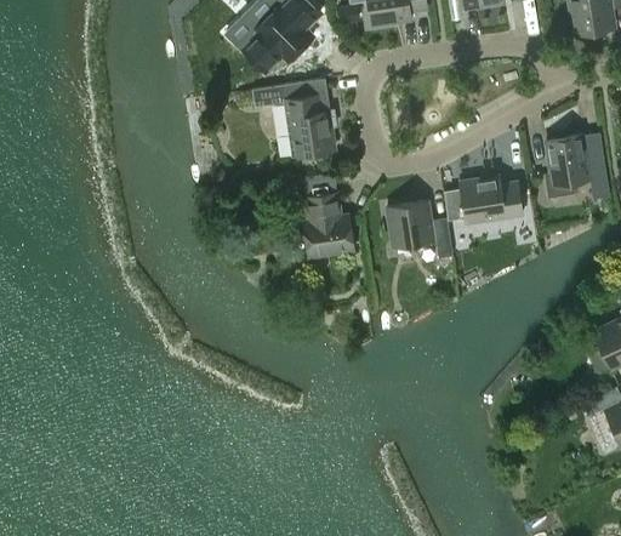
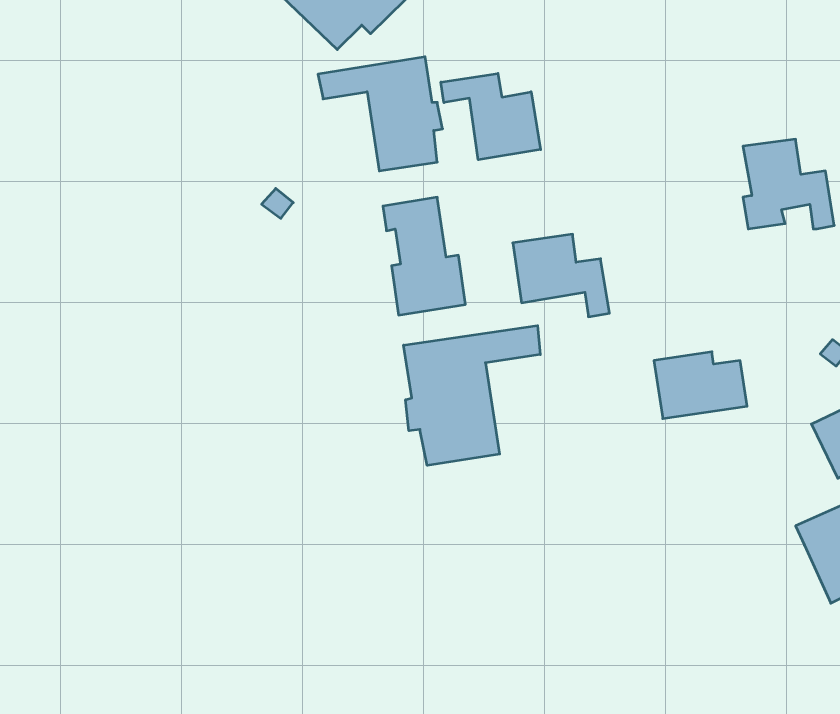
building: none -> [441,73,541,160]
building: [458,176,523,222] -> [654,352,747,419]
building: none -> [404,326,540,465]

